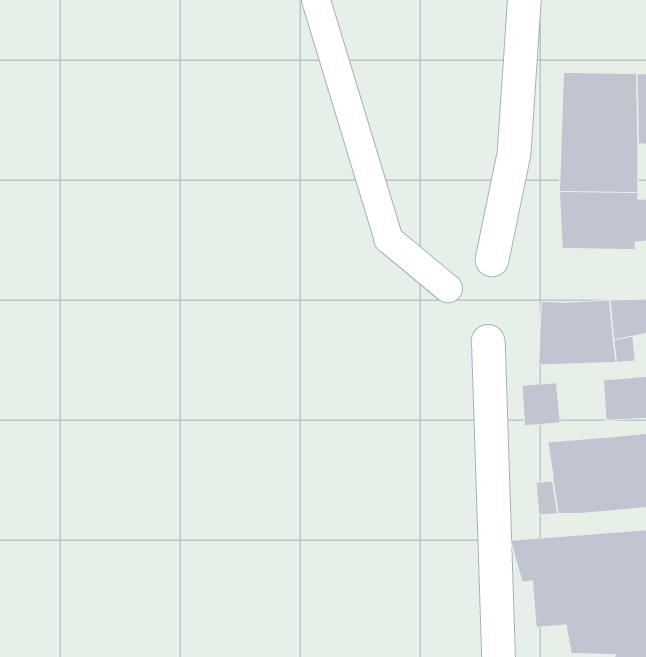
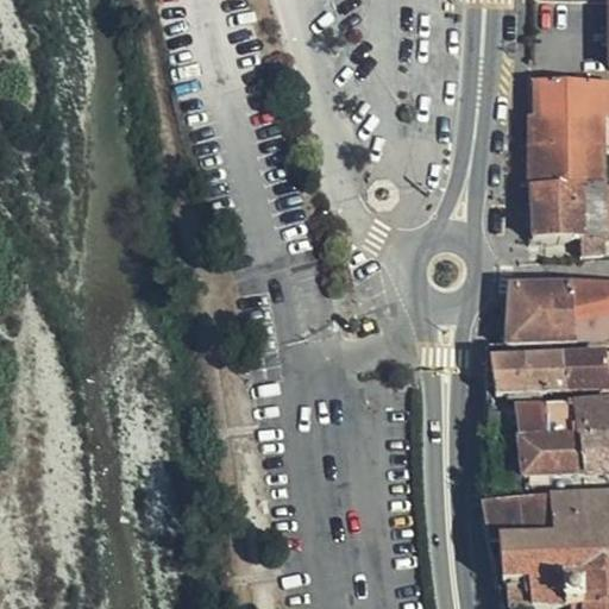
building: none -> [526,353,571,393]

